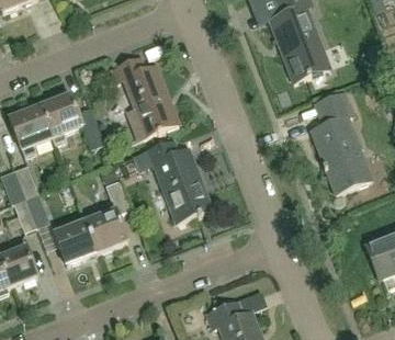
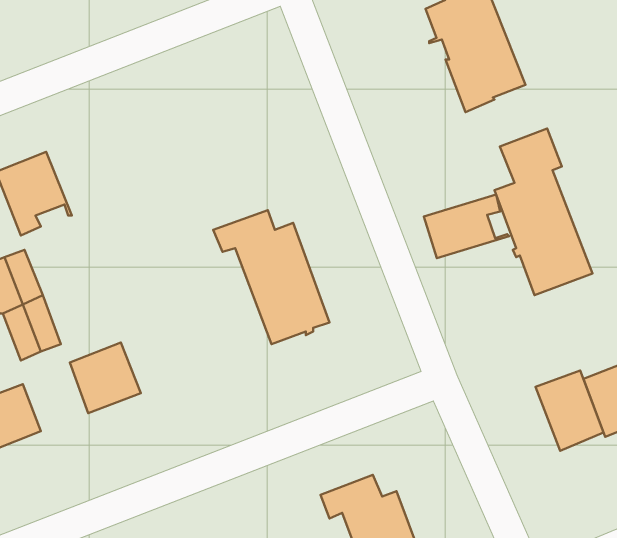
building: [112,57,178,138] -> none
building: [40,93,104,148] -> none
building: none -> [424,195,509,258]
building: [84,179,129,251] -> none
building: none -> [536,370,604,451]

